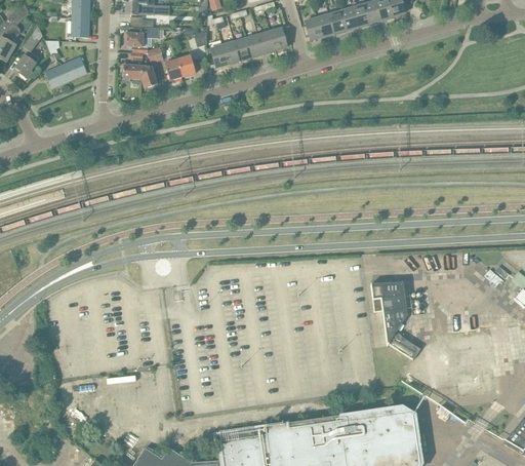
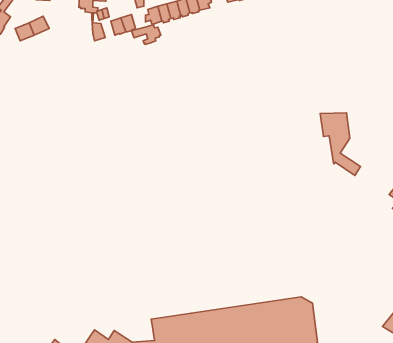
building: [123,51,143,78] -> none
building: none -> [131,25,161,44]
building: [371,281,421,359] -> [320,113,361,175]

